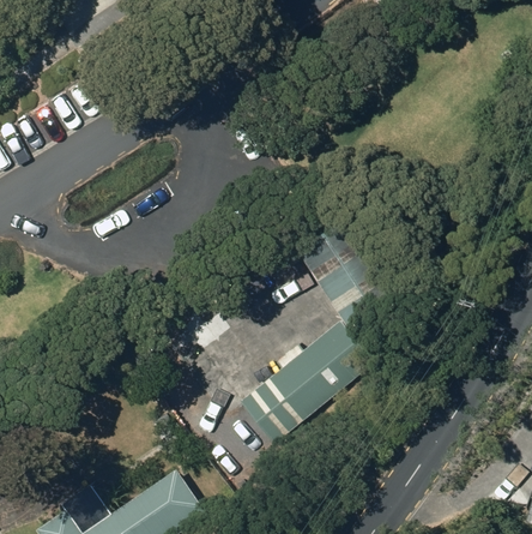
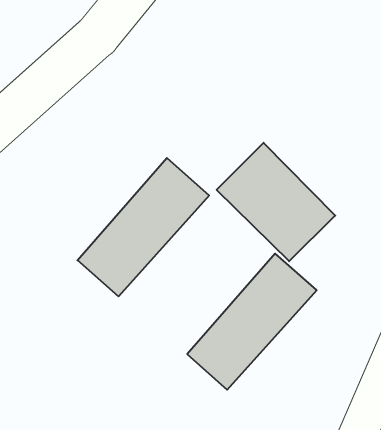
building: none -> [77,158,209,296]

